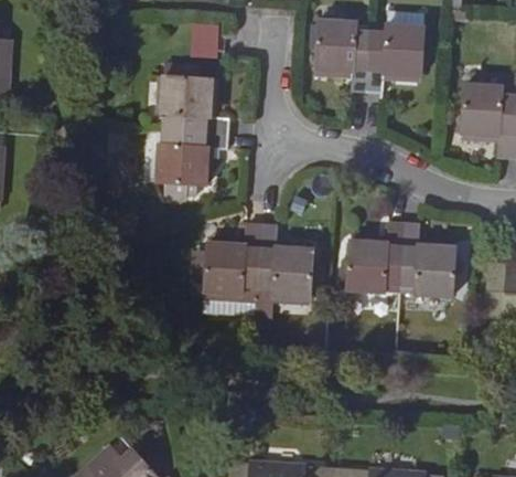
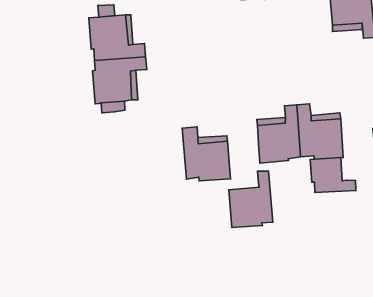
building: [202,230,257,297] -> [229,171,273,228]
building: none -> [310,158,356,193]

